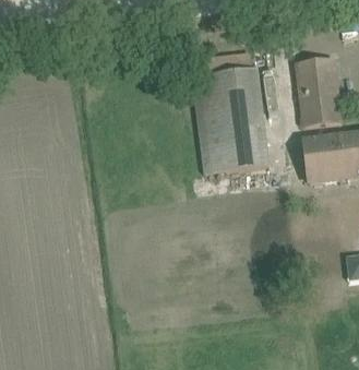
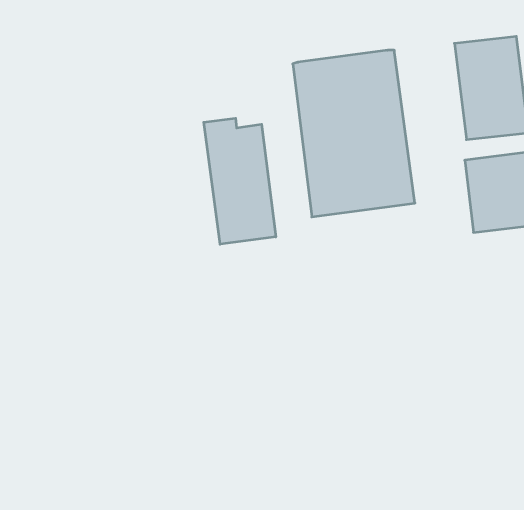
building: none -> [204,118,276,244]

